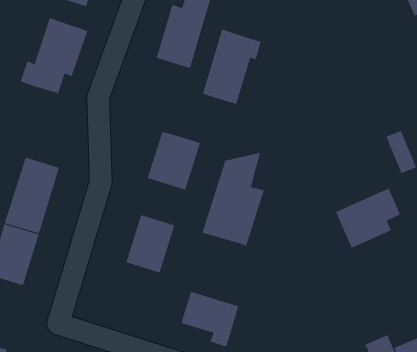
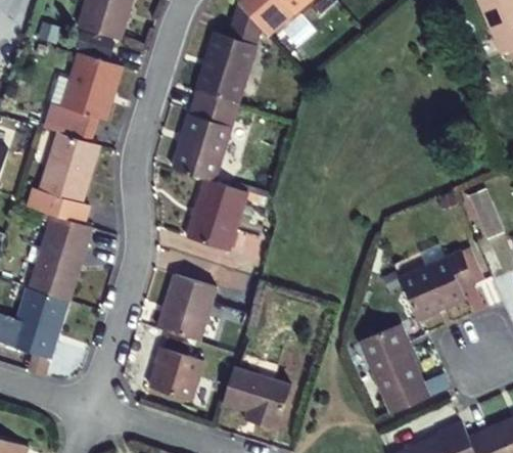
building: [202,29,262,104] -> [180,101,248,188]
building: none -> [30,133,97,224]
building: [202,152,264,247] -> none
building: none -> [362,323,431,412]
building: none -> [142,337,199,391]

